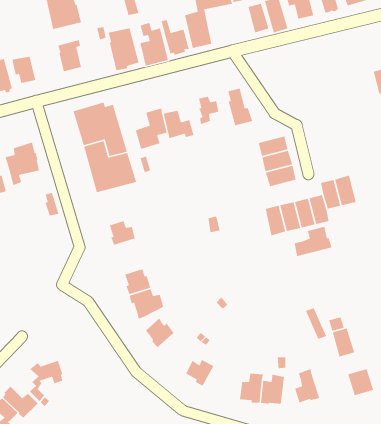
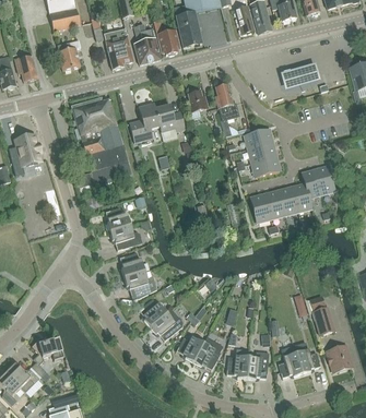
building: none -> [279,65,320,93]
building: [294,226,333,257] -> none
building: none -> [109,225,142,250]
building: none -> [150,308,182,341]
building: none -> [192,337,223,370]
building: none -> [293,342,320,373]

